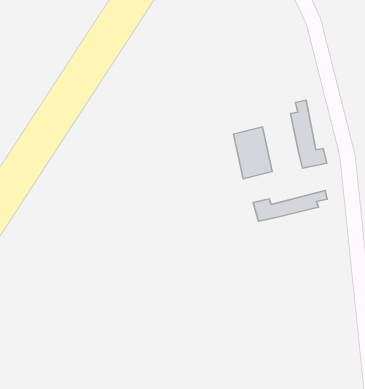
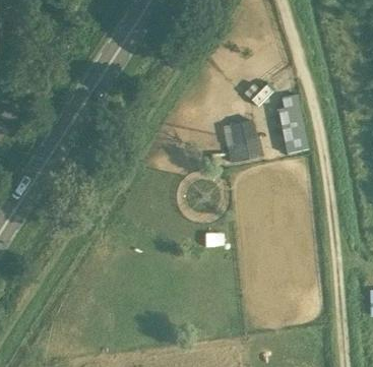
building: [253,191,327,221] -> none

